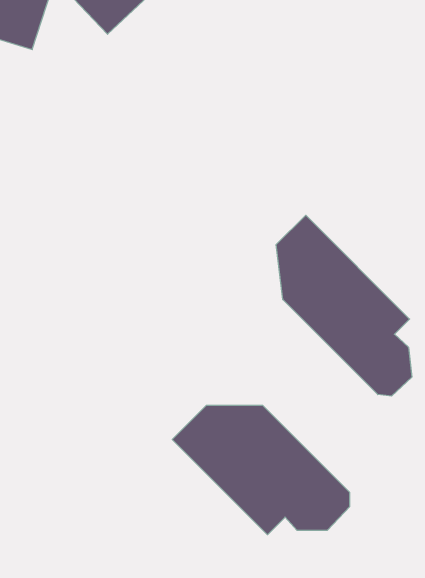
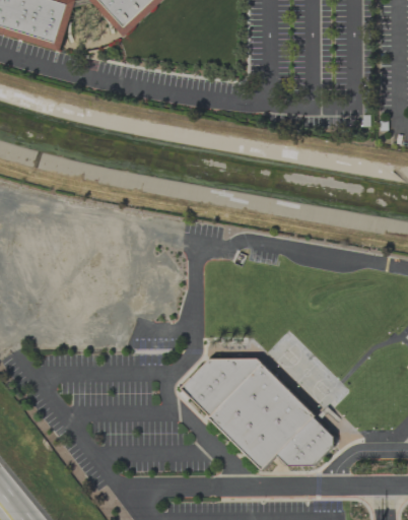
building: [276,215,412,396] -> none

